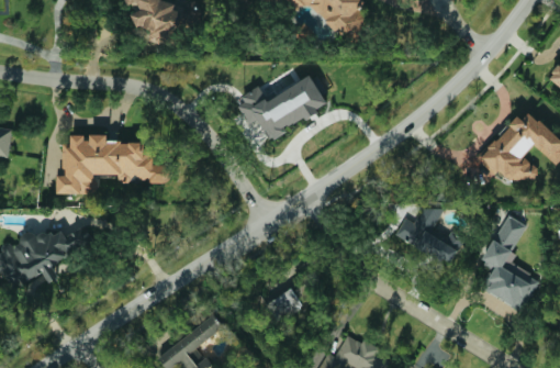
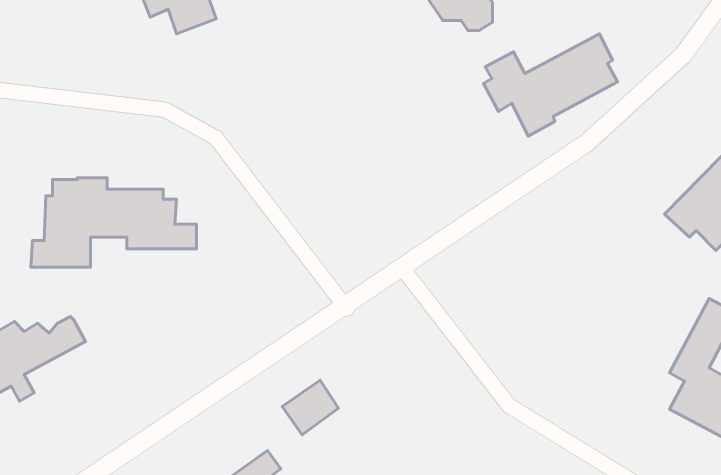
building: [238,73,327,141] -> [484,34,618,136]
building: [393,202,462,264] -> none
building: [265,287,302,323] -> [282,380,338,435]

